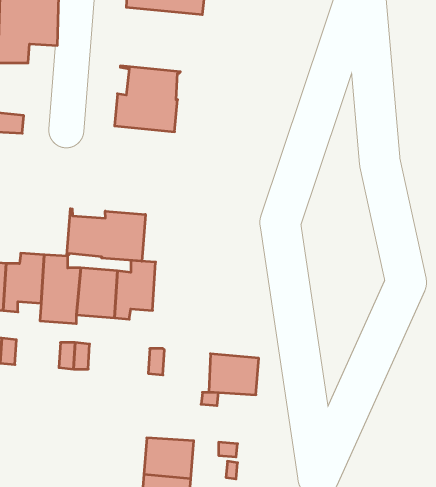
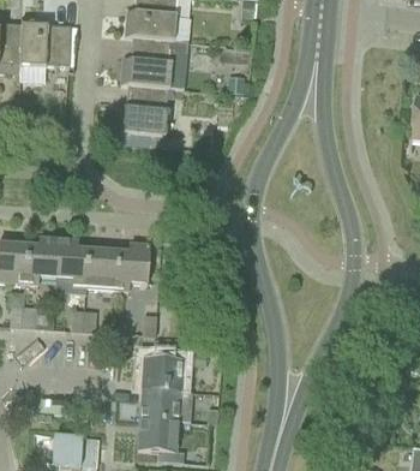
building: none -> [120,34,187,87]
building: [67,209,145,261] -> none
building: [209,354,259,395] -> [142,356,182,389]

